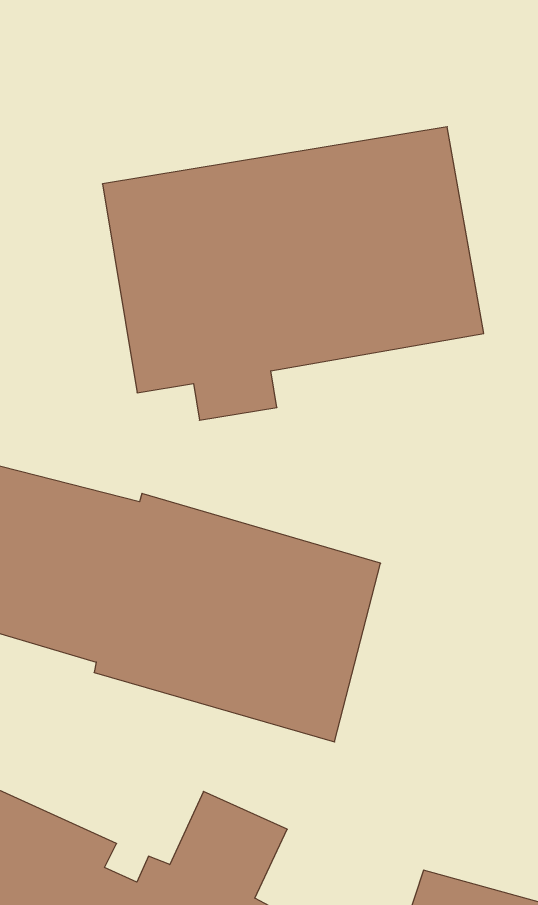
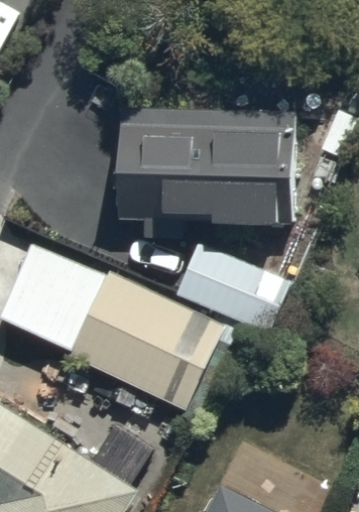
building: none -> [175,240,290,334]

